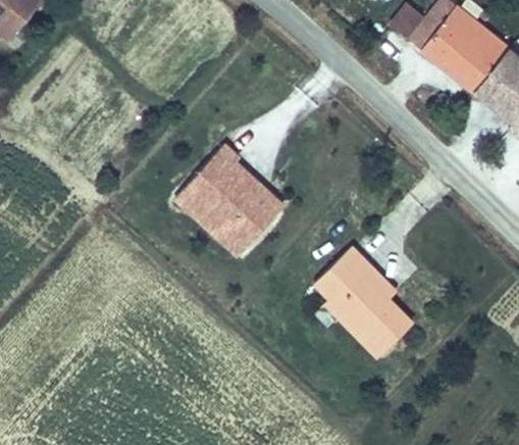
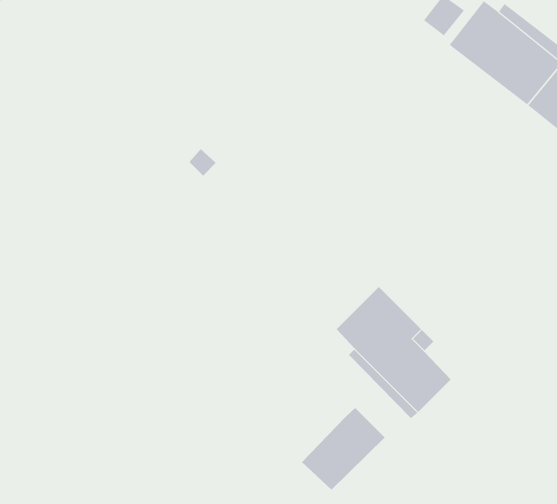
building: [172,140,286,255] -> none
building: none -> [301,407,385,491]

